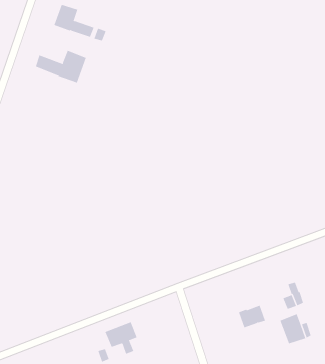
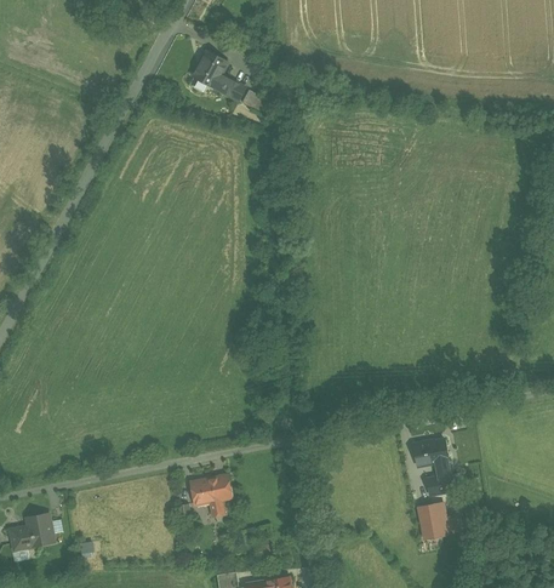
building: [35,50,87,83] -> none
building: [238,305,266,328] -> [412,439,446,466]

